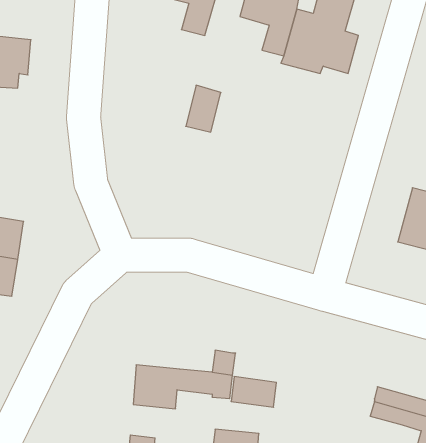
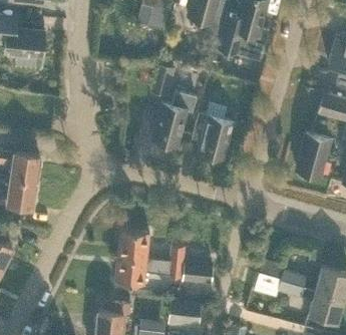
building: none -> [153,92,197,148]
building: none -> [193,105,233,160]
building: none -> [117,232,149,260]

